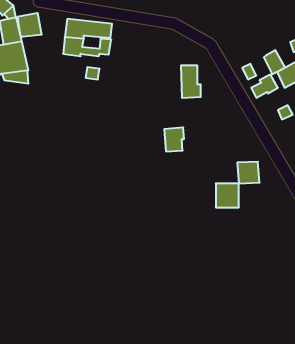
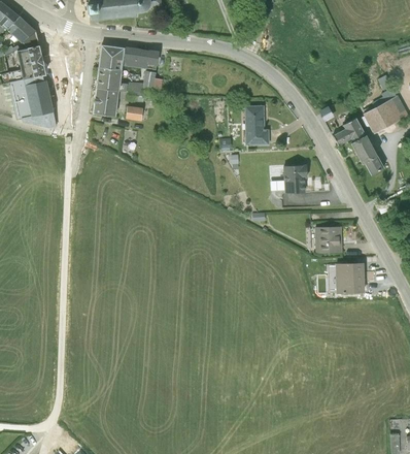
building: [18,13,42,37] -> none
building: [264,50,285,74] -> [350,133,377,163]
building: none -> [94,91,119,120]
building: [164,127,184,151] -> [282,163,307,193]
building: [216,183,239,207] -> [335,262,364,292]

